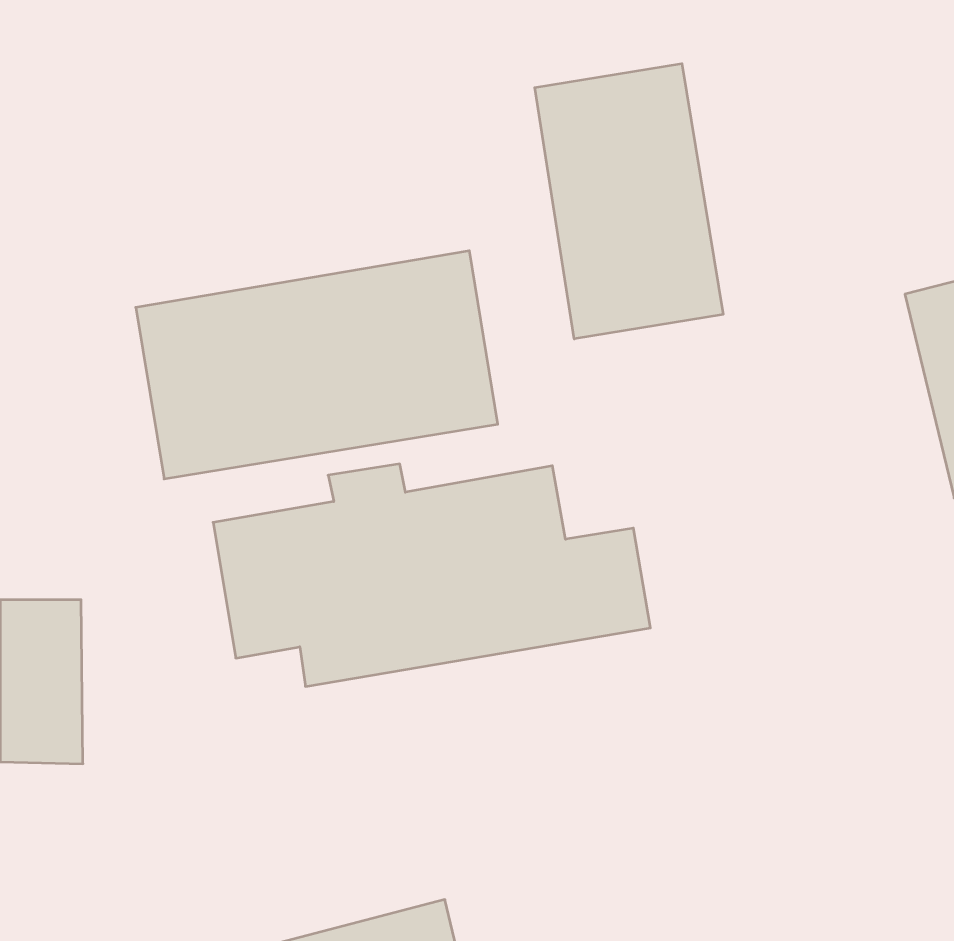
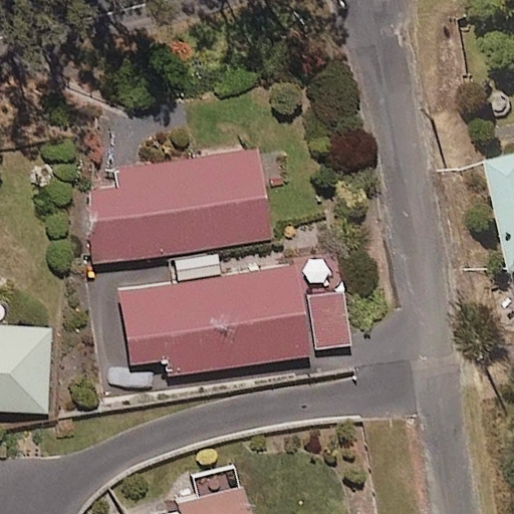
building: [535,64,723,339] -> none

